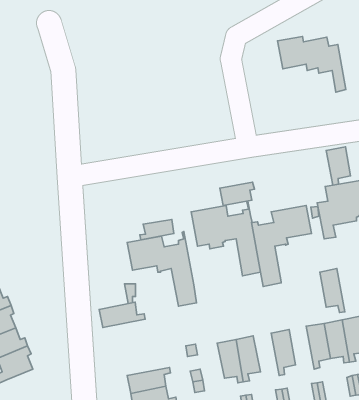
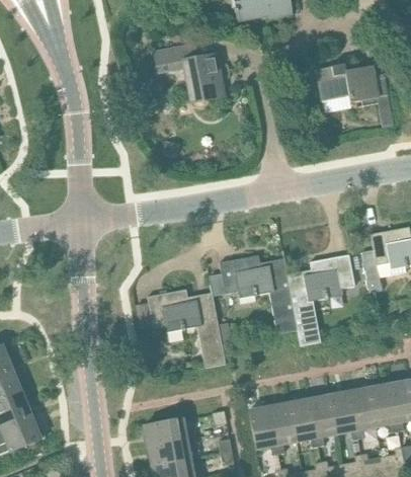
building: none -> [154,42,223,101]
building: [326,147,350,185] -> none
building: [220,182,254,206] -> none
building: [140,220,174,240] -> none
building: [320,269,345,313] -> [329,390,357,440]
building: [99,302,145,327] -> [143,417,194,446]
building: none -> [289,398,318,447]

